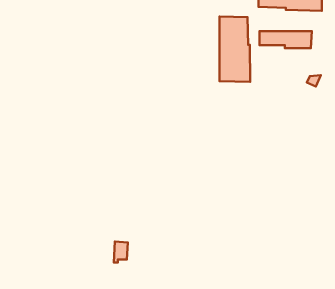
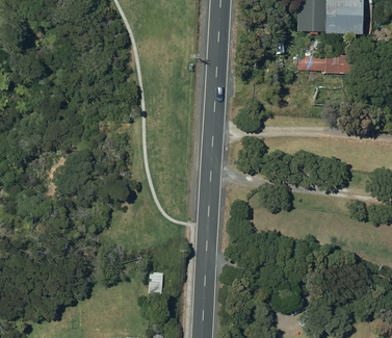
building: [220,17,250,82] -> none

